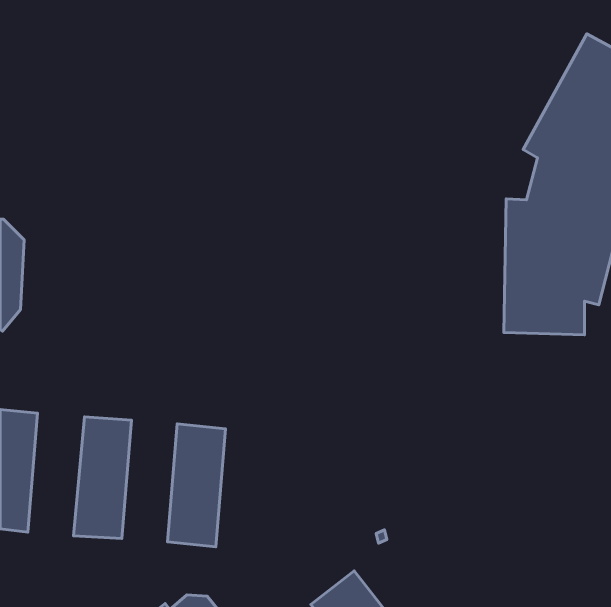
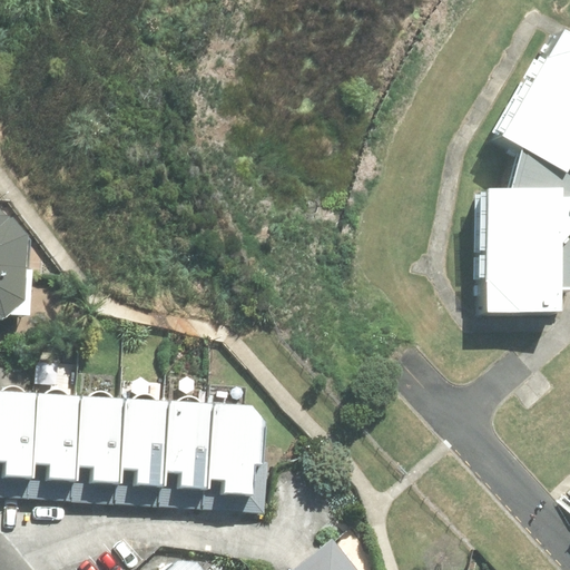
building: none -> [30,390,82,503]
building: none -> [117,396,168,509]
building: none -> [204,399,269,519]

